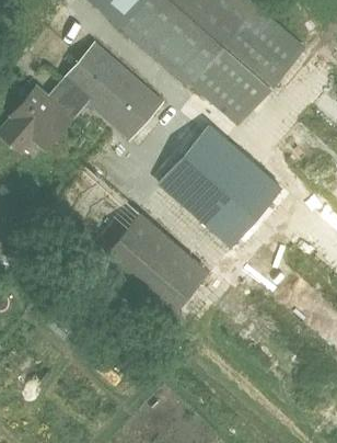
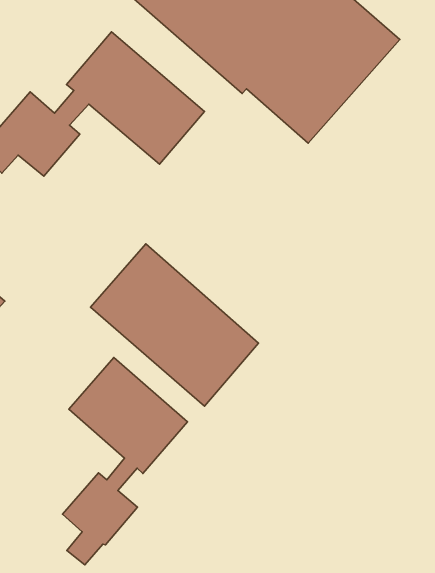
building: [161,126,281,245] -> none
building: none -> [63,358,187,565]

